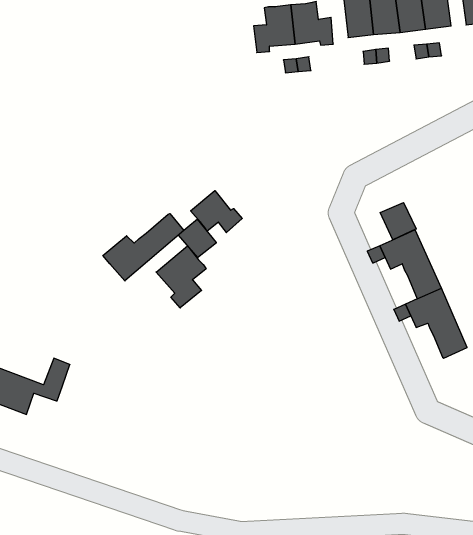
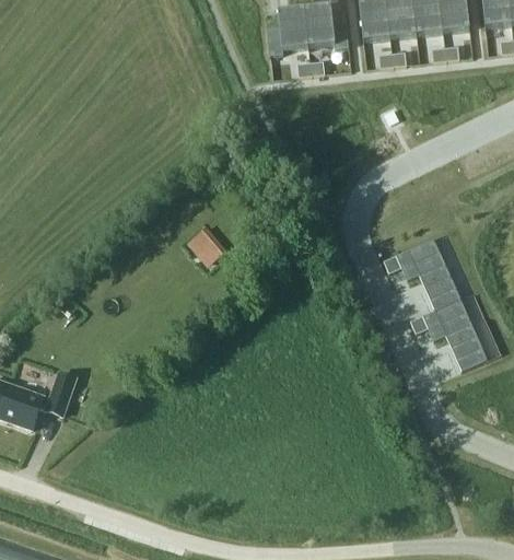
building: [191,191,242,233] -> none
building: [380,203,416,240] -> none
building: [103,214,184,281] -> none
building: [156,246,206,308] -> none

